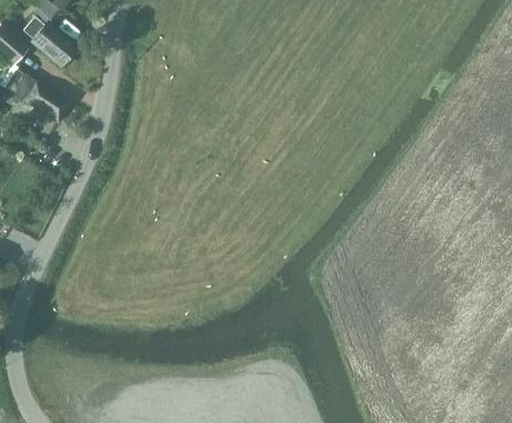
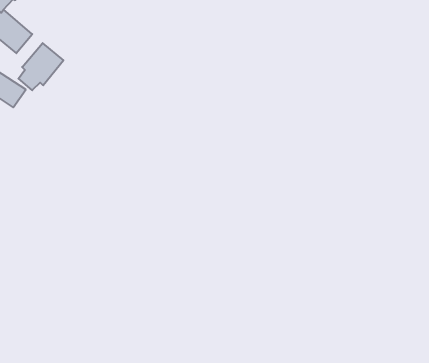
building: none -> [18,43,63,90]

